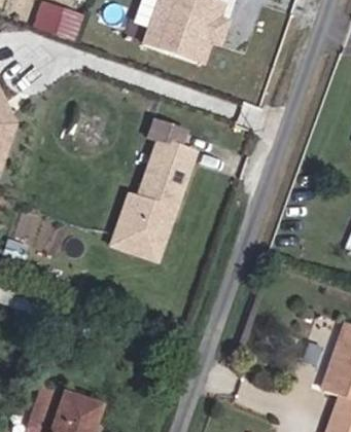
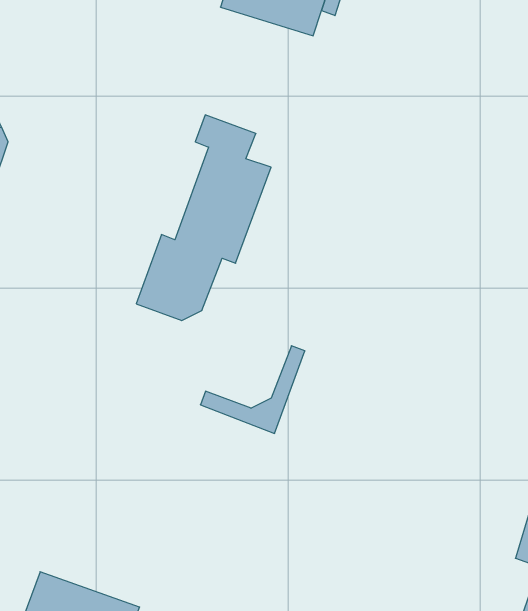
building: [100,199,164,252] -> [200,346,305,433]

